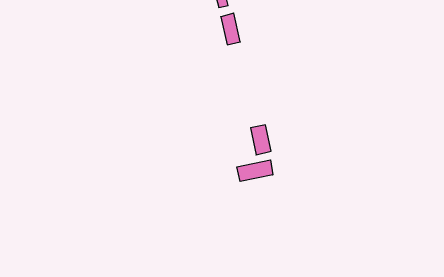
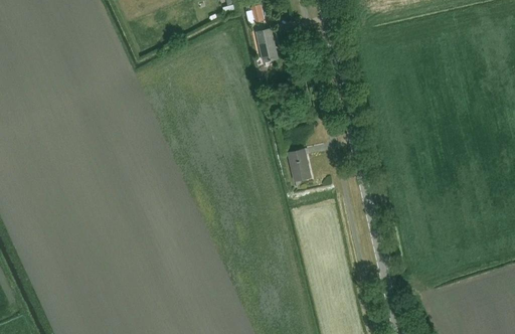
building: [237,160,273,181] -> none

